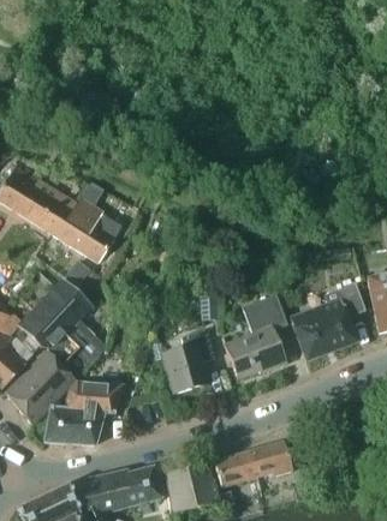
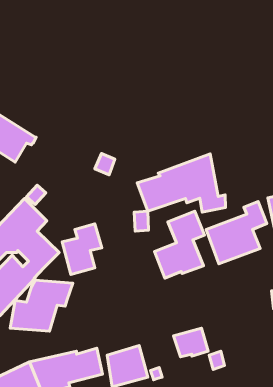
building: [50,197,120,262] -> none
building: none -> [137,154,225,212]
building: [163,329,213,393] -> [62,224,102,275]
building: [213,450,257,487] -> none

